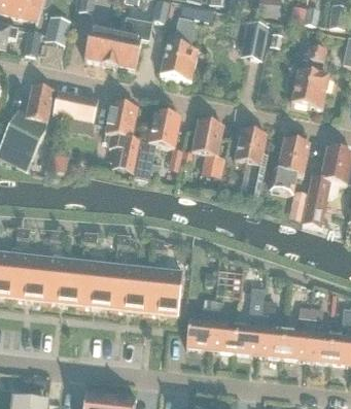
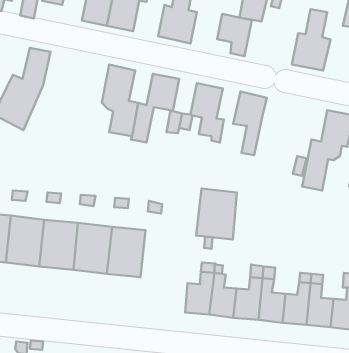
building: none -> [217,14,252,56]
building: [52,90,98,122] -> none
building: [270,137,310,193] -> none
building: [142,265,182,315] -> [196,188,237,240]

